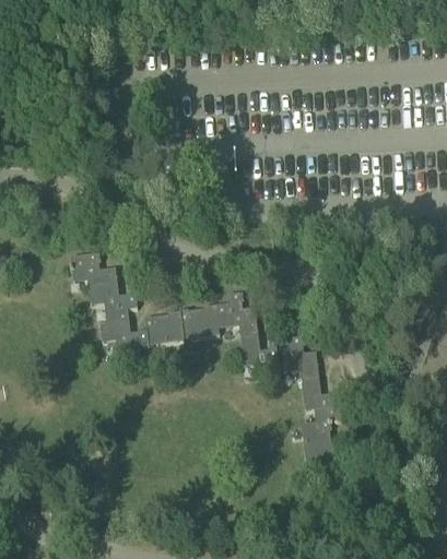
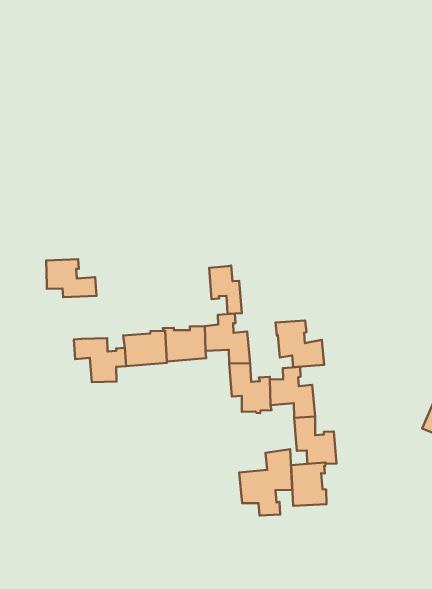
building: none -> [209,266,242,314]
building: [87,284,137,323] -> none
building: none -> [275,320,324,367]
building: none -> [239,449,292,515]

